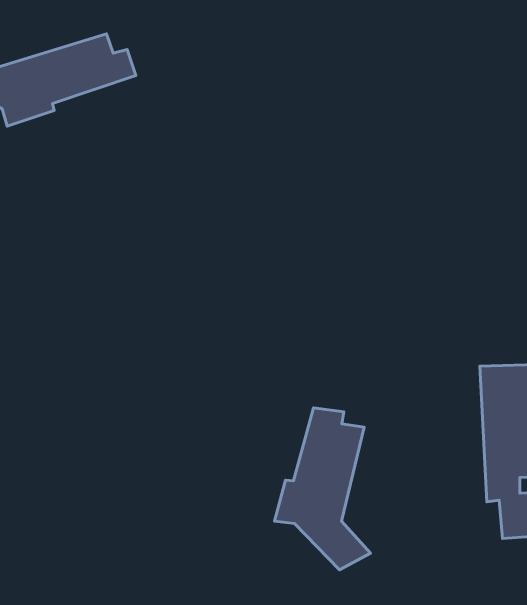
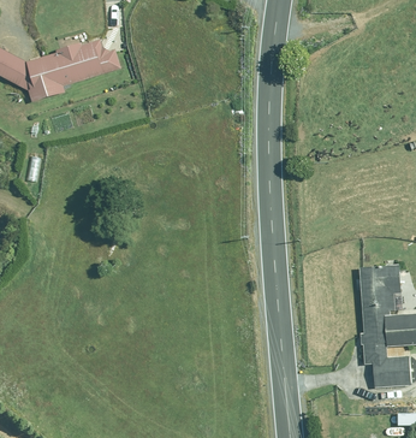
building: [274,408,371,570] -> none

